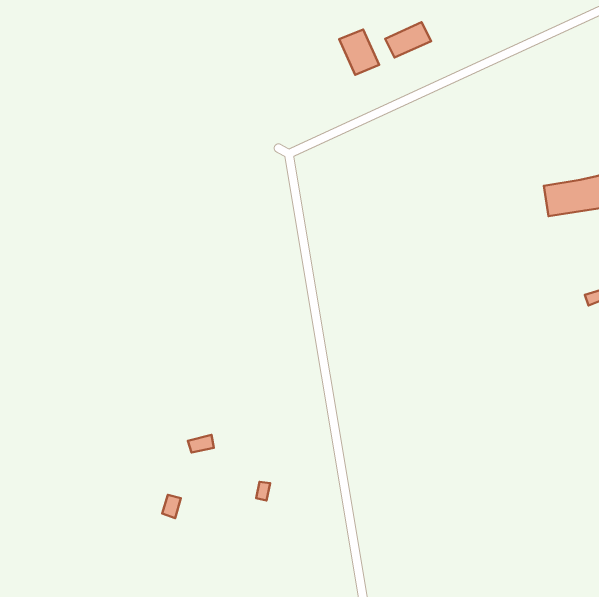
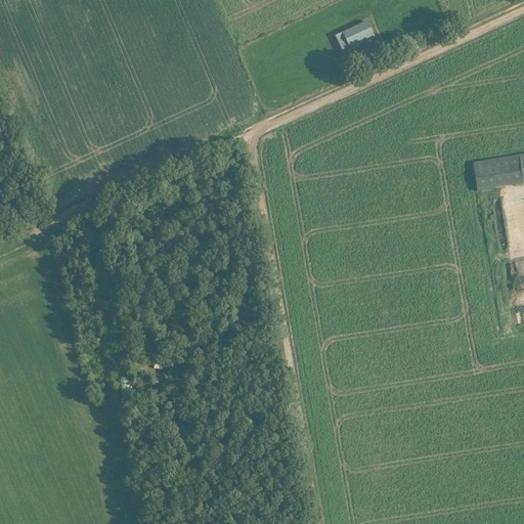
building: [339,29,379,75] -> none

